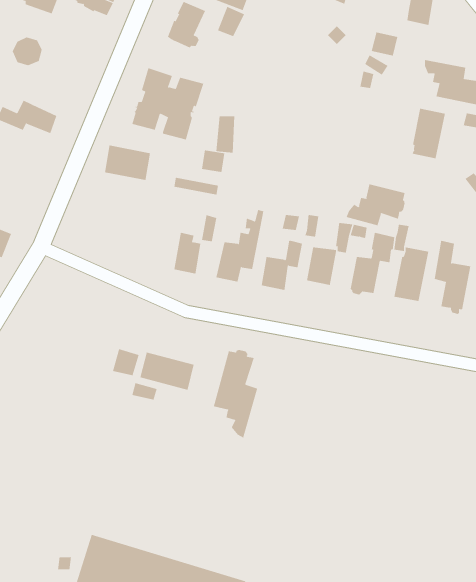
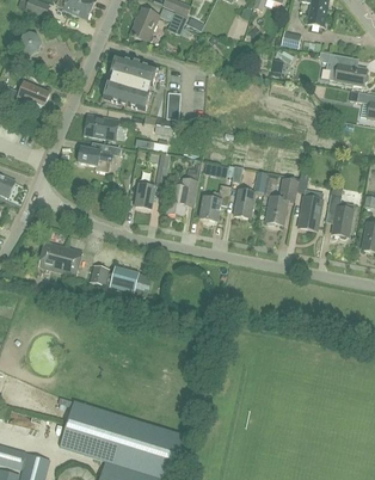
building: [412,108,445,159] -> none
building: [346,183,405,226] -> none
building: none -> [76,142,136,171]
building: none -> [37,240,81,276]
building: [213,349,258,439] -> none

